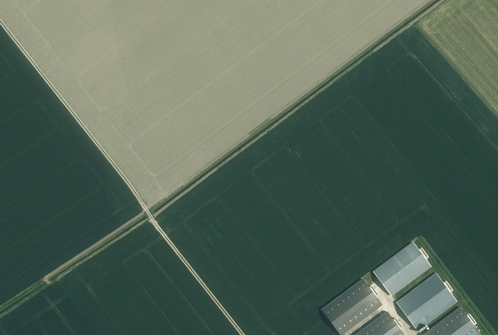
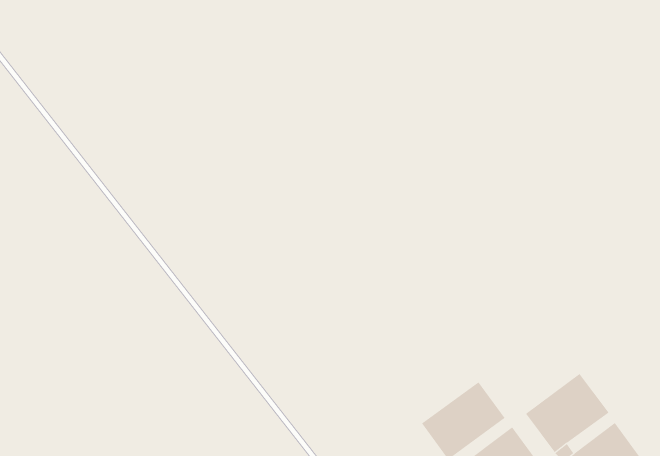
building: [372,241,430,295] -> none

